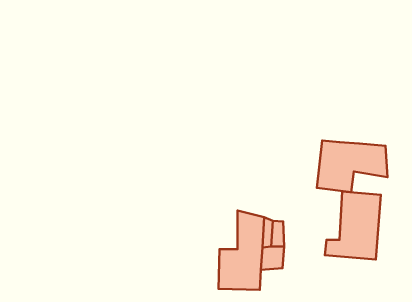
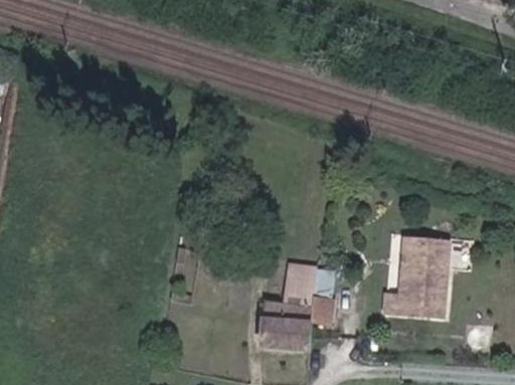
building: [317,141,387,192] -> none

